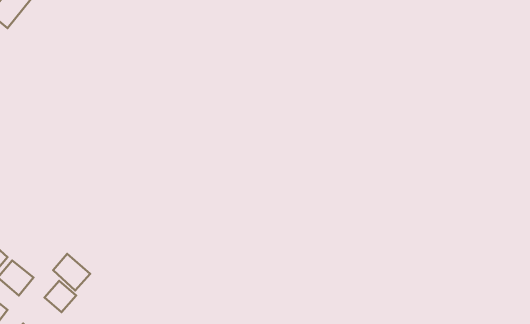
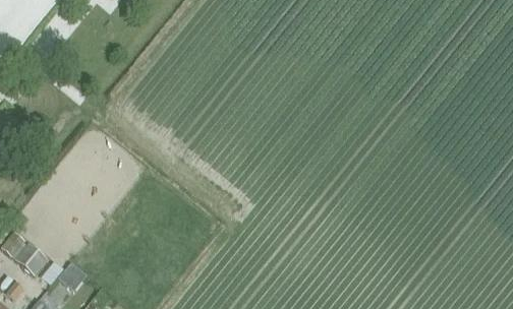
building: [53,254,90,291] -> none

